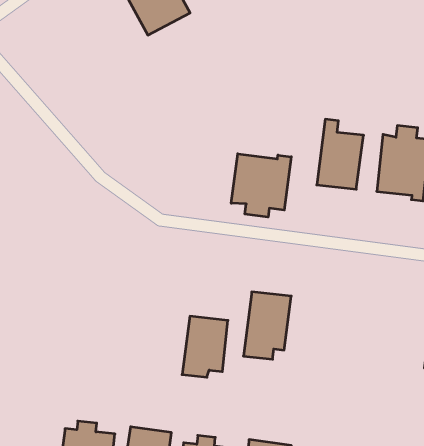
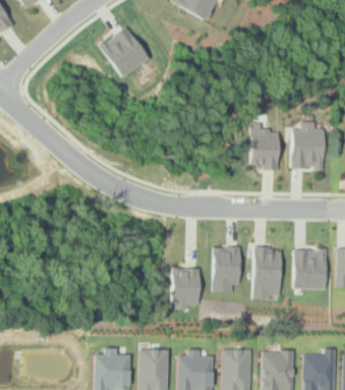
building: [231,154,291,217] -> none
building: none -> [253,246,282,299]
building: none -> [294,249,328,288]

